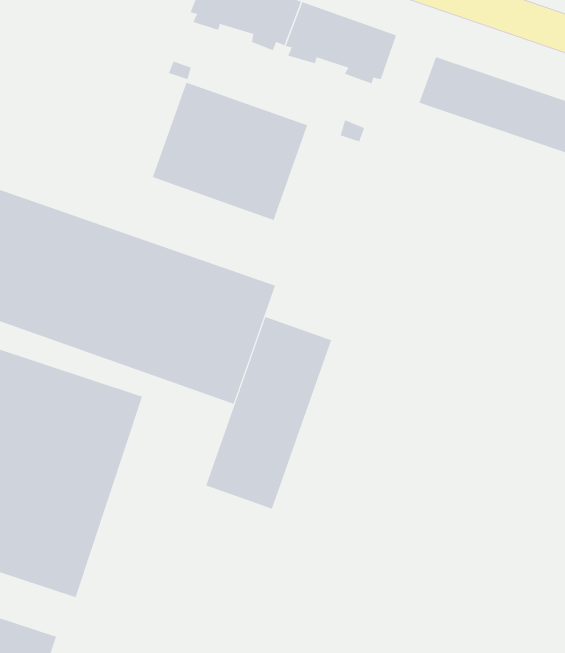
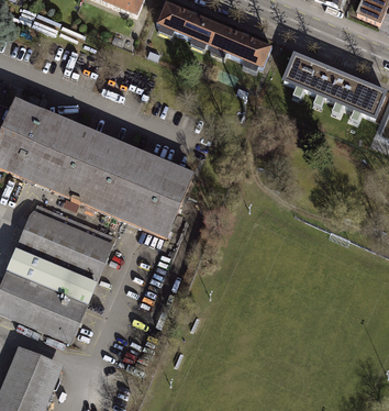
building: [152,82,308,221] -> none
building: [205,316,332,510] -> none

